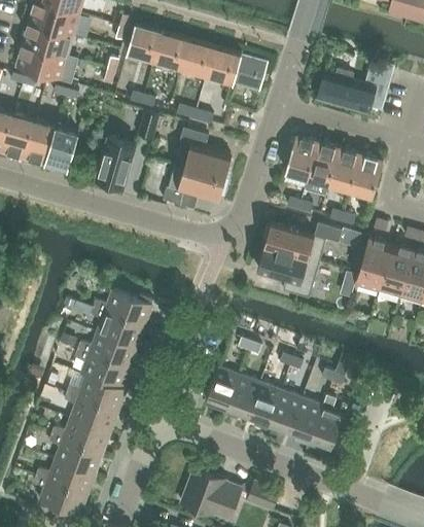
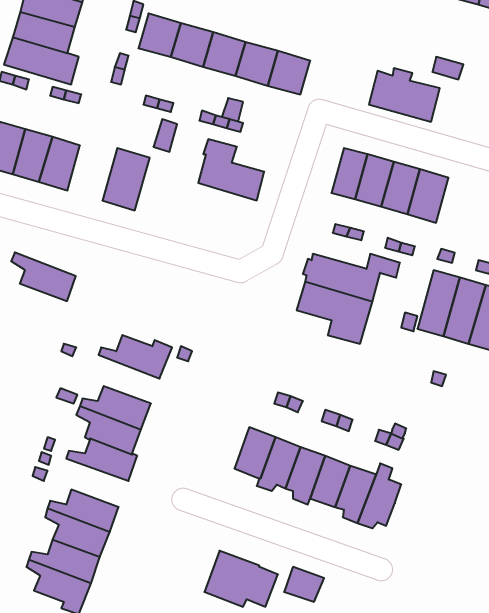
building: [164,165,224,207] -> none
building: [91,307,144,347] -> [11,252,76,301]
building: [65,392,118,432] -> none

